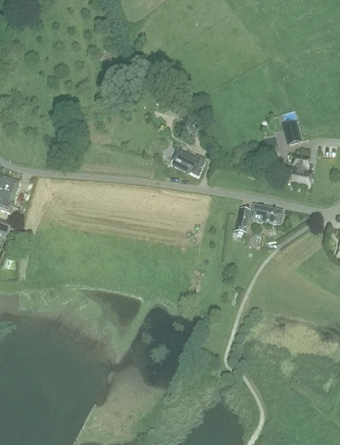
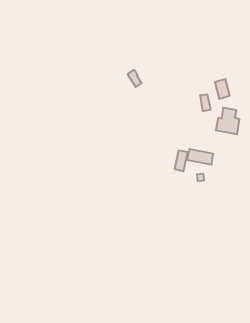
building: [172,147,206,175] -> none

